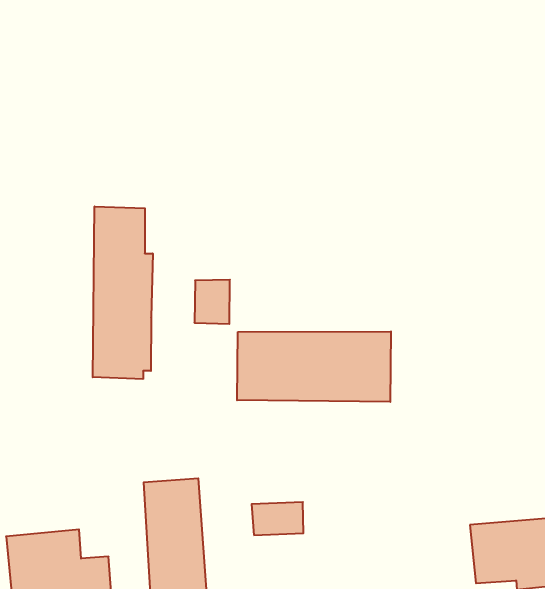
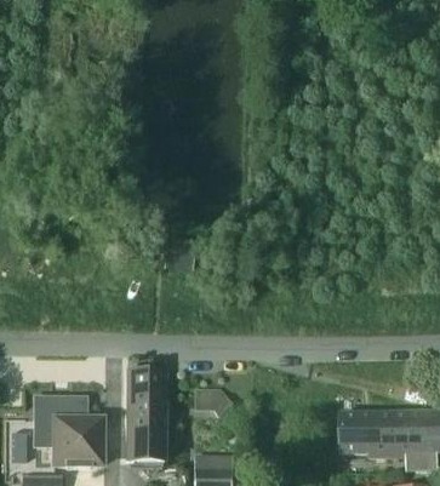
building: [93,206,153,379] -> none
building: [237,331,391,402] -> none

